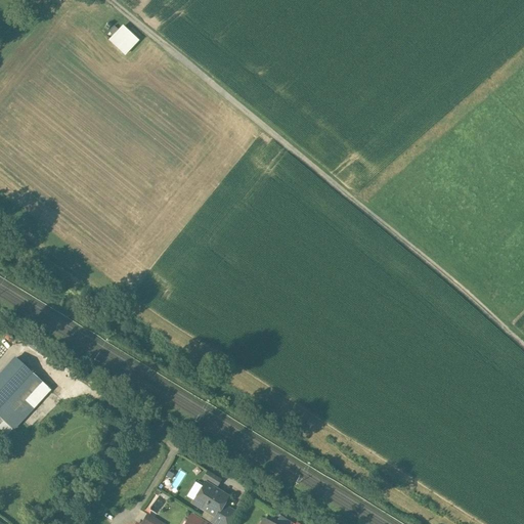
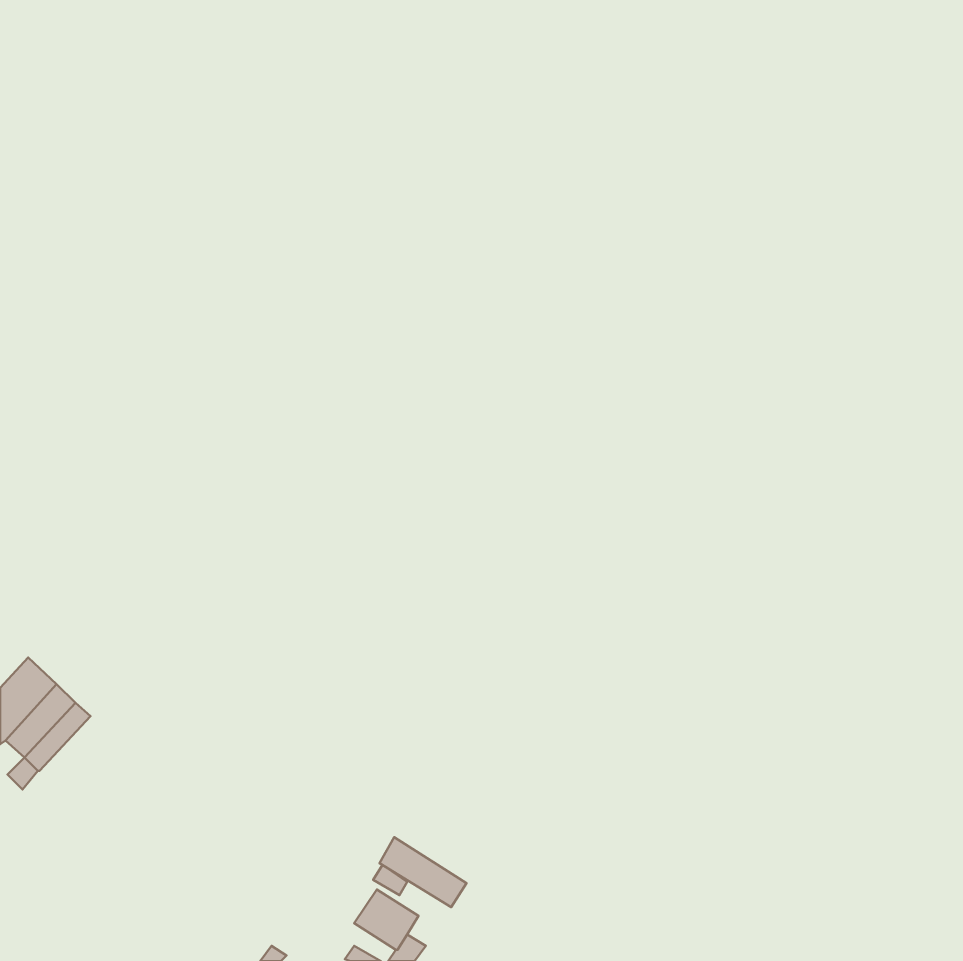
building: [107,24,138,54] -> none
building: none -> [380,837,467,907]

